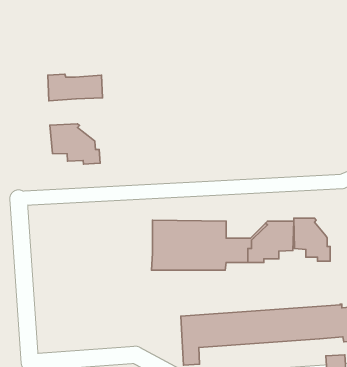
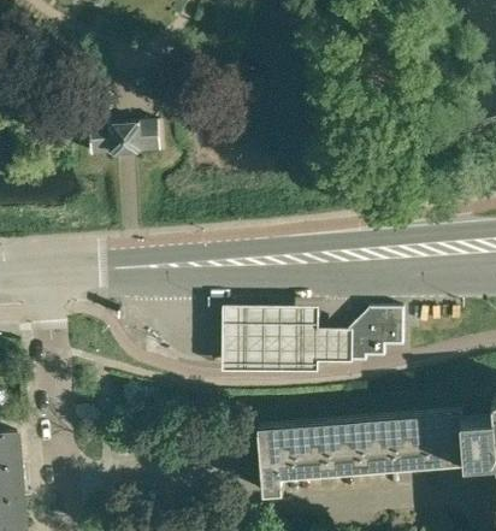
building: [50,124,100,164] -> none
building: [294,218,330,261] -> none

